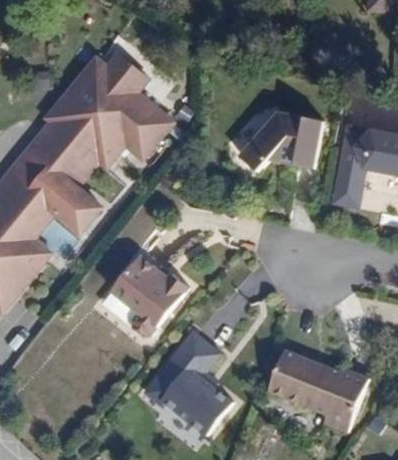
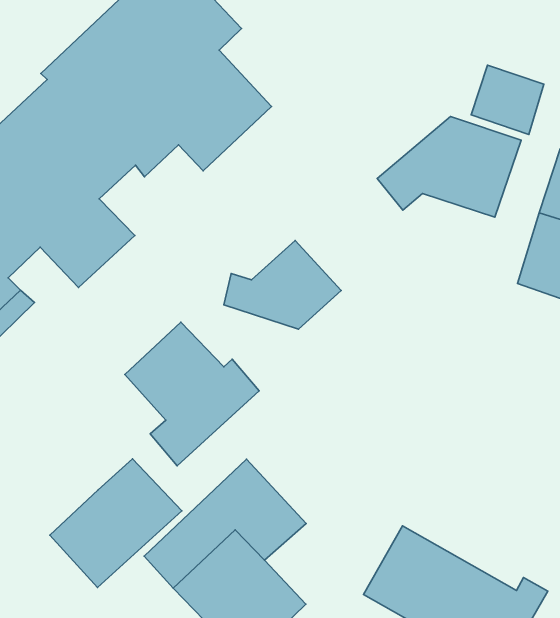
building: none -> [471,65,544,134]
building: none -> [224,240,341,329]
building: none -> [50,459,182,587]

